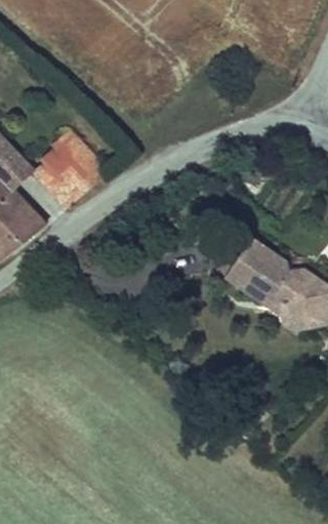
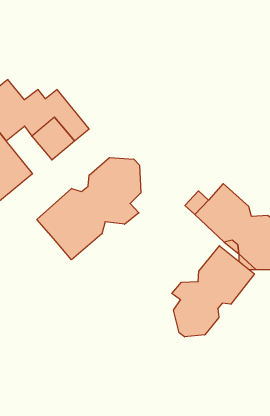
building: none -> [37,158,141,260]
building: none -> [172,246,254,337]

